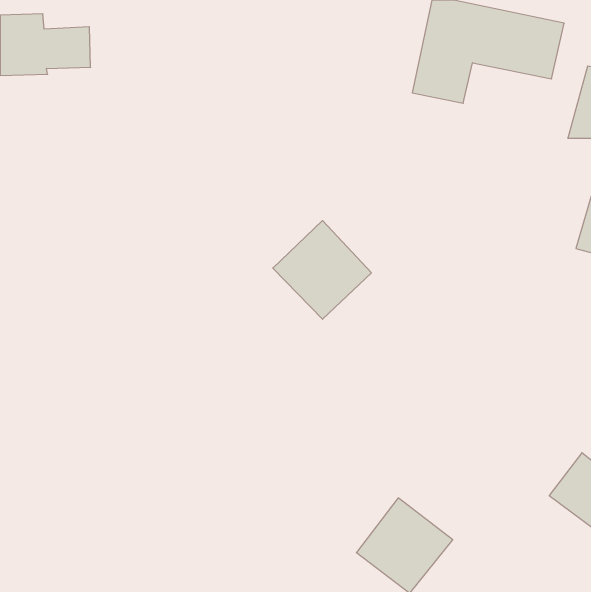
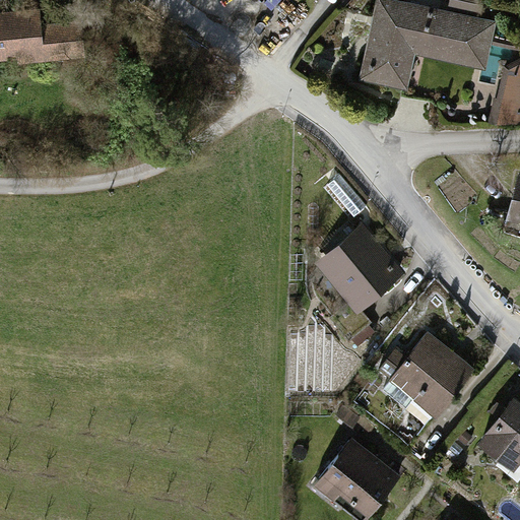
building: [273,221,371,319] -> [316,223,402,310]
building: none -> [388,331,471,414]

